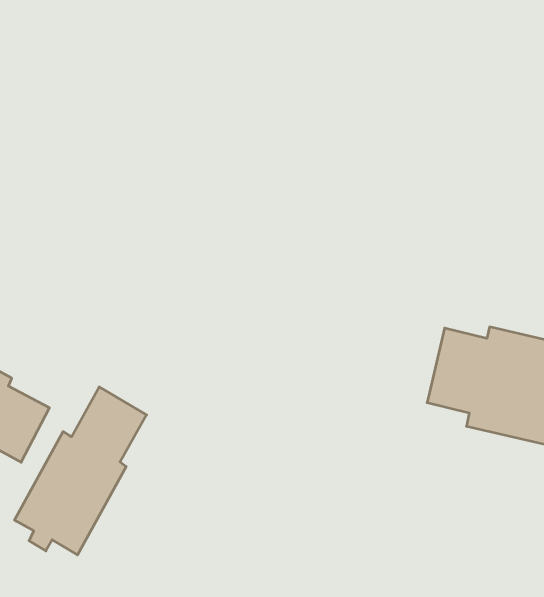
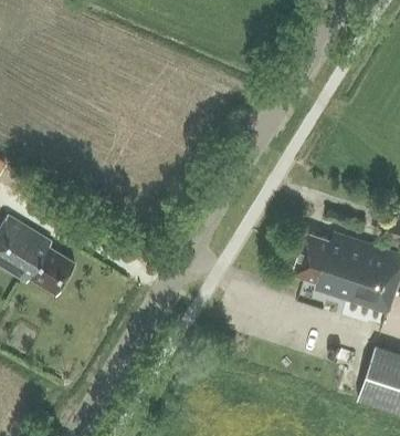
building: [15,387,147,555] -> none

